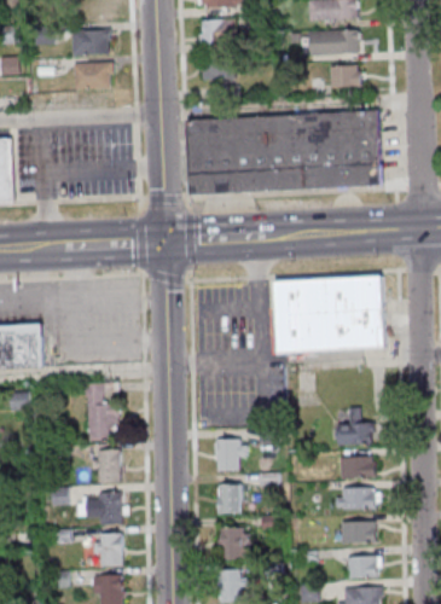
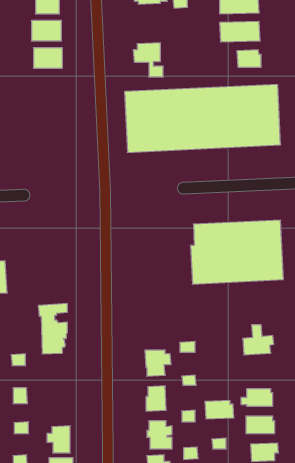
building: [199,18,244,45] -> none
building: [92,449,121,484] -> none
building: [340,455,376,478] -> [205,400,234,419]
building: [85,490,122,527] -> none

